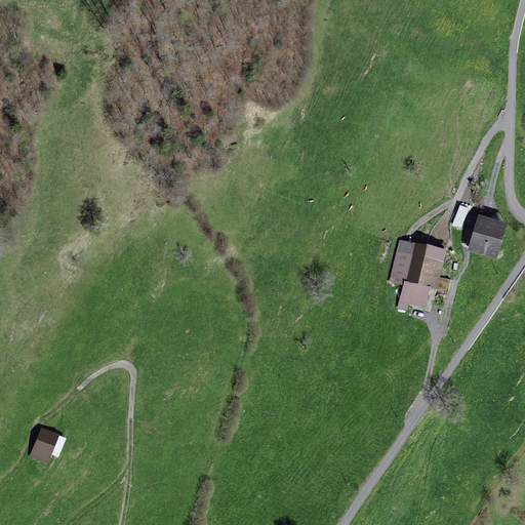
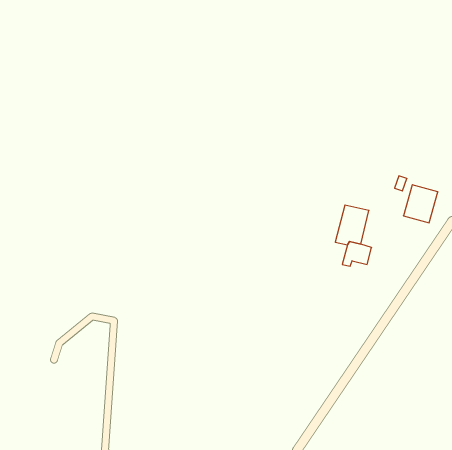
building: [418,244,447,288] -> none
building: [30,427,59,462] -> none

